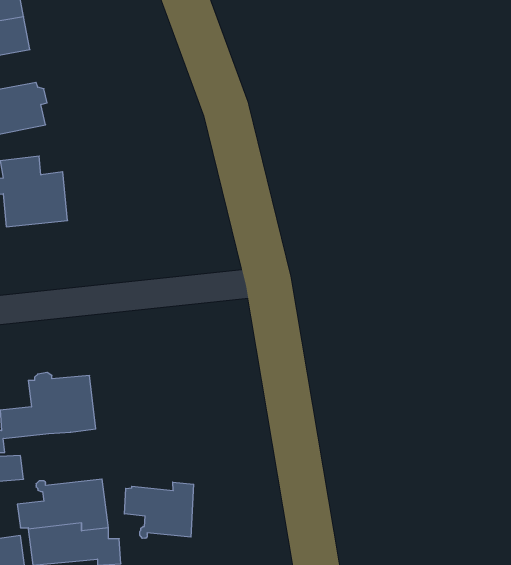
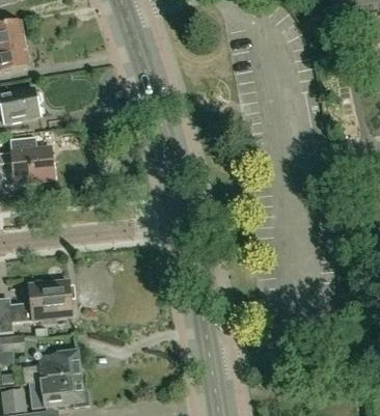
building: [124,482,194,538] -> none

